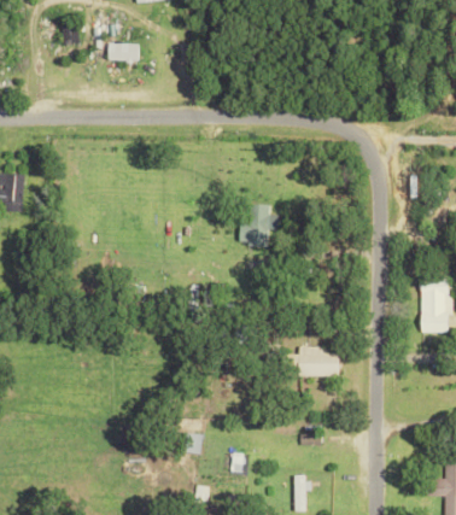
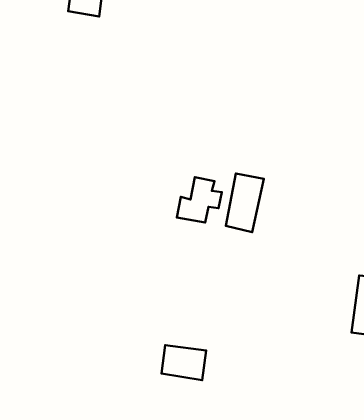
building: none -> [226,174,264,232]
building: [298,347,338,376] -> [162,345,206,380]

